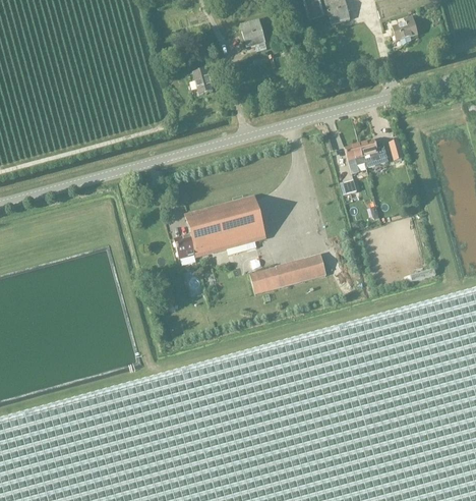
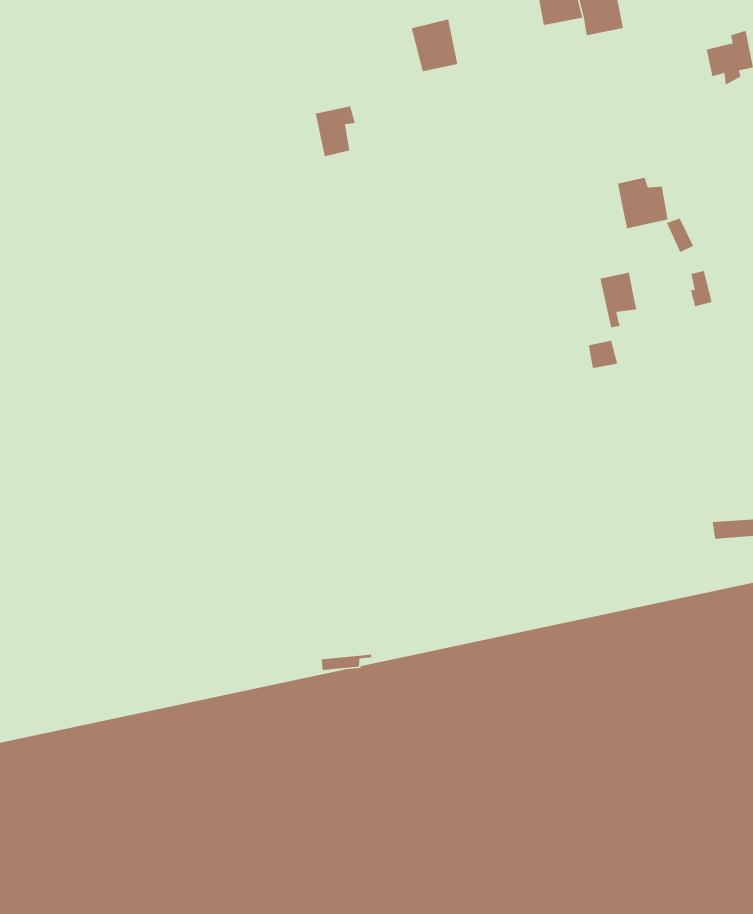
building: [359,142,386,169] -> [617,177,668,229]
building: [173,197,264,260] -> none
building: [247,256,325,296] -> none

